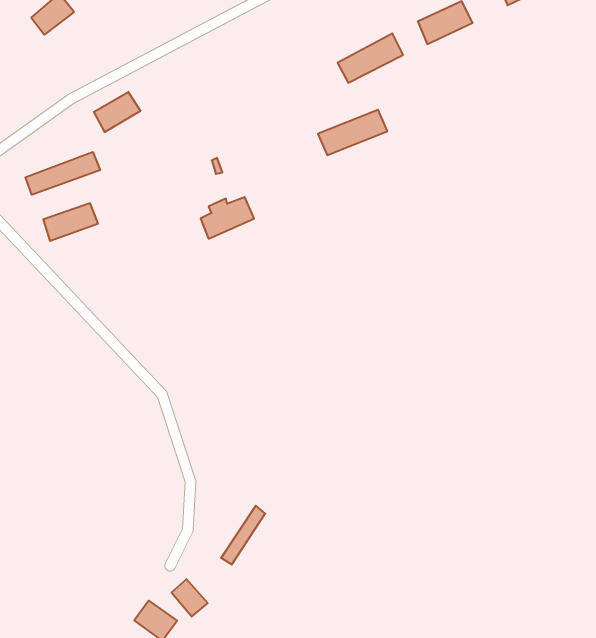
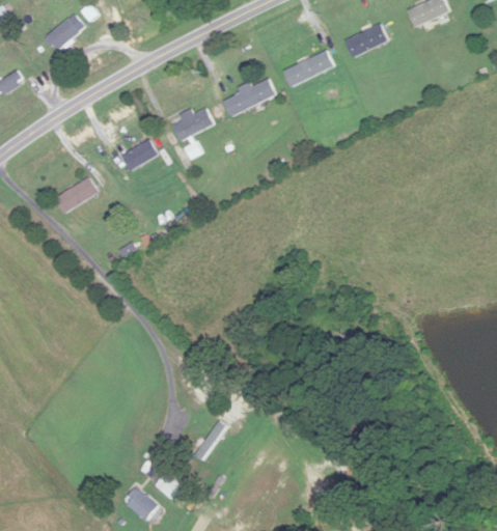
building: [94,92,141,132] -> [120,139,157,170]
building: [318,110,387,155] -> [221,80,275,115]
building: [25,152,100,195] -> none
building: [201,197,254,239] -> [171,108,213,140]

